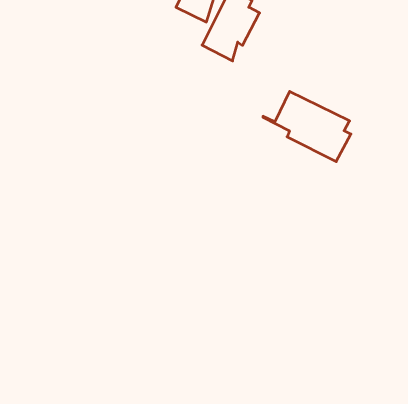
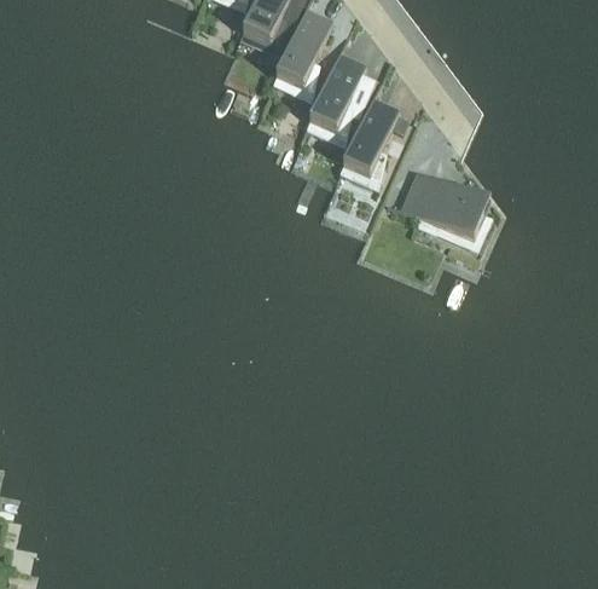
building: none -> [341,79,397,183]

